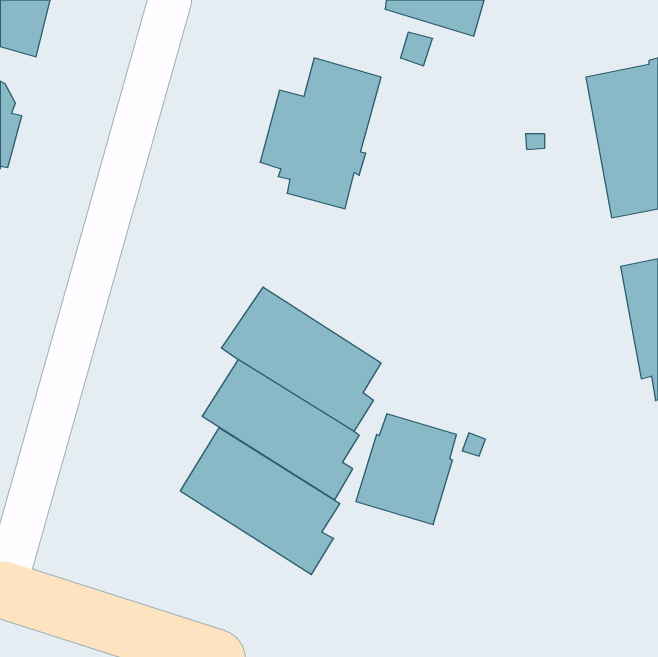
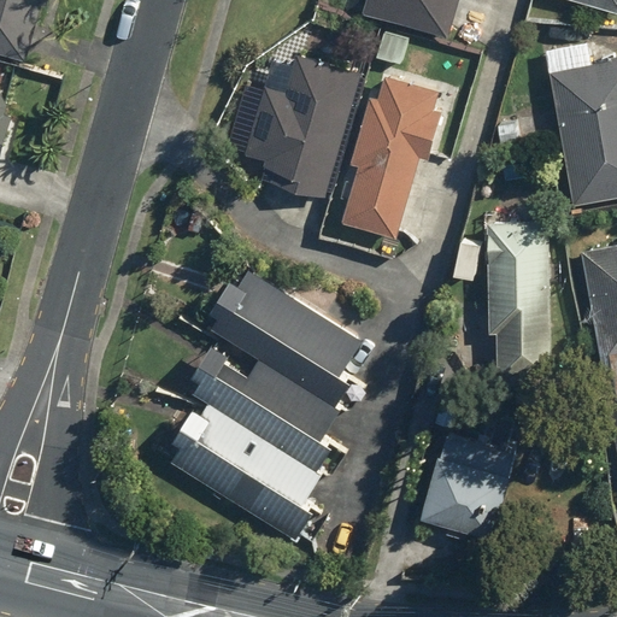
building: none -> [340,74,440,236]
building: none -> [486,221,548,376]
building: [356,414,456,525] -> [416,433,510,536]

